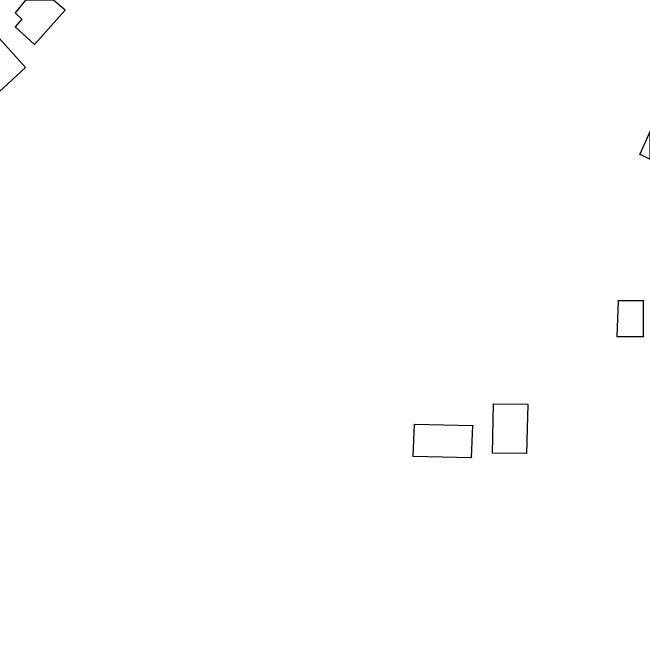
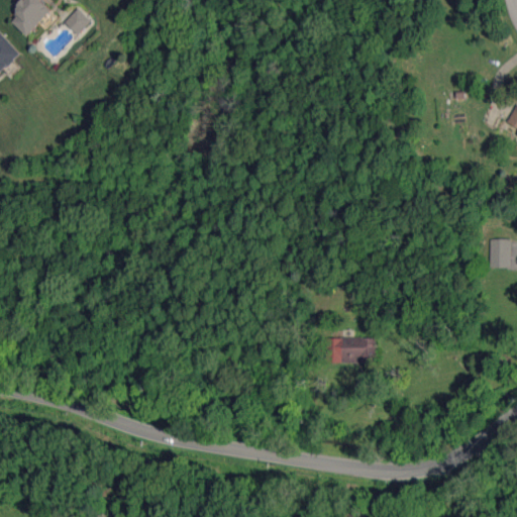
building: none -> [65,8,91,35]
building: [493,404,528,453] -> none

